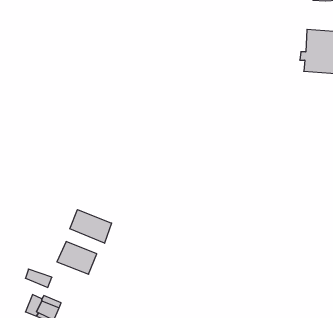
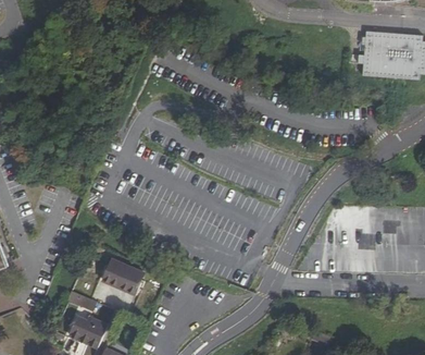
building: [70,210,112,243] -> none

